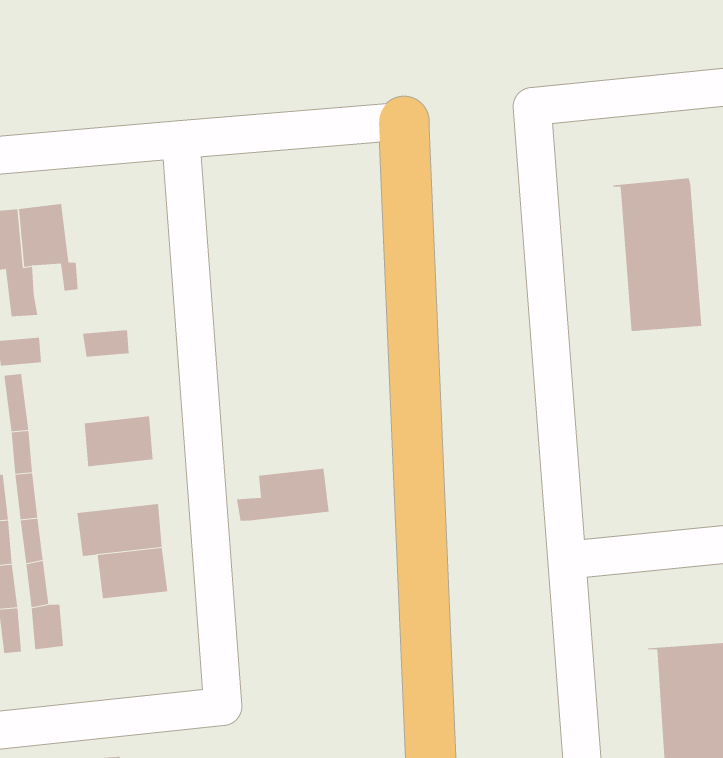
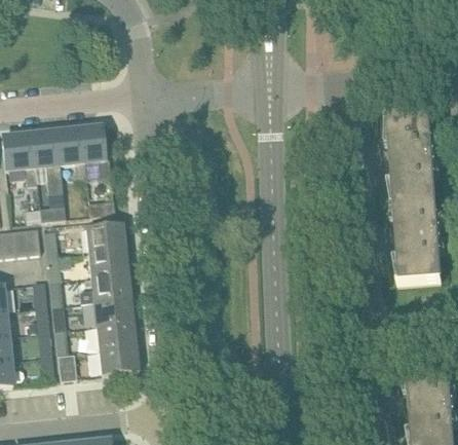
building: none -> [75,125,109,177]
building: none -> [394,197,441,284]
building: none -> [84,223,124,252]
building: [236,468,330,521] -> [77,272,129,302]
building: none -> [98,346,137,375]

